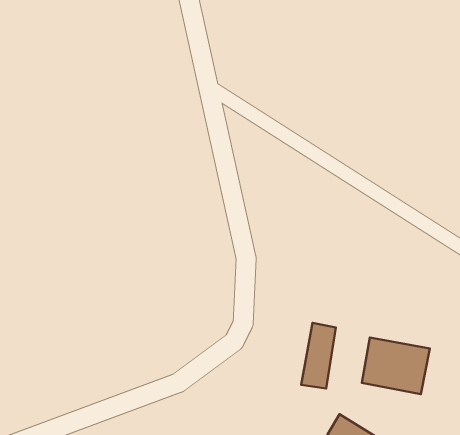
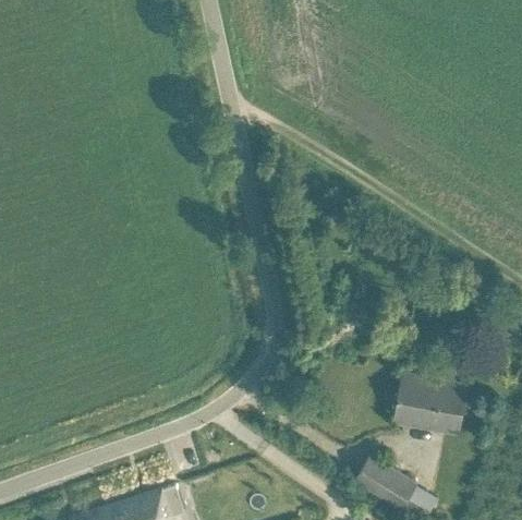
building: [301,323,336,388] -> none

